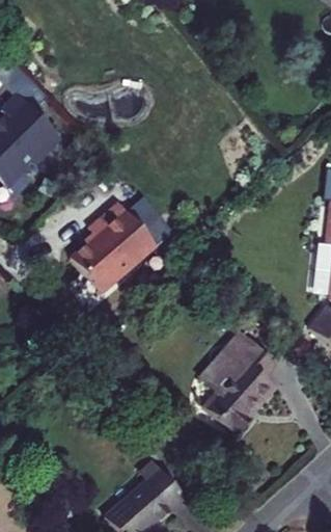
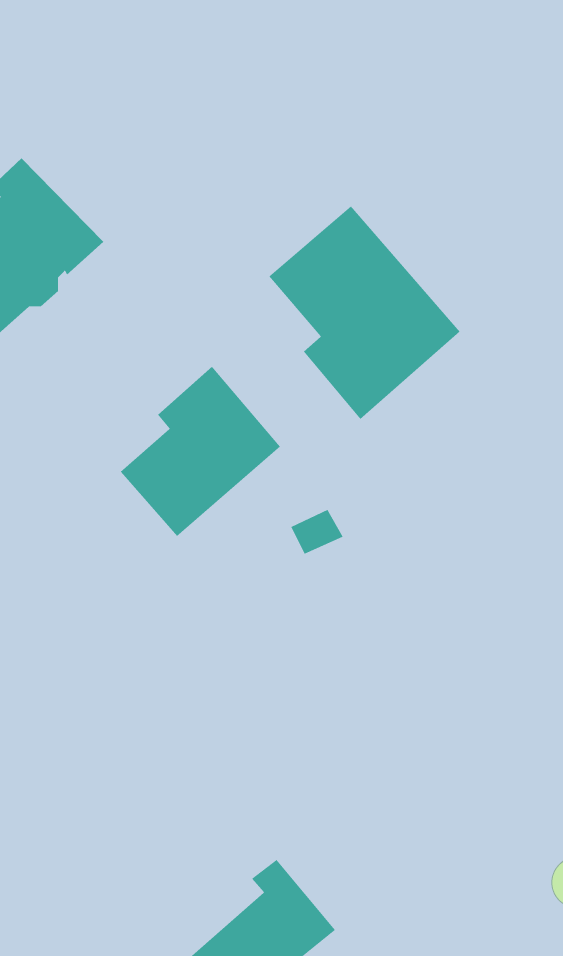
building: none -> [269,206,460,420]
building: [199,329,275,434] -> none

